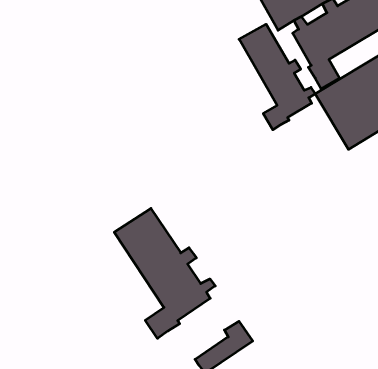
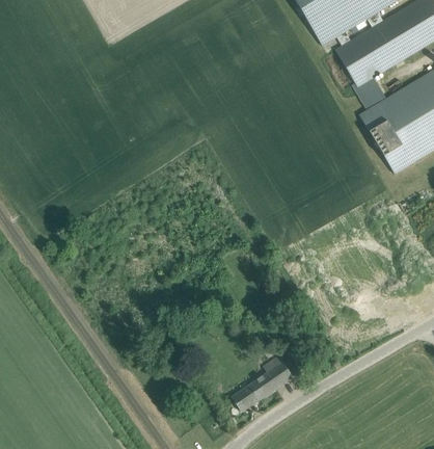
building: [239,24,315,130] -> none
building: [114,208,215,338] -> none

